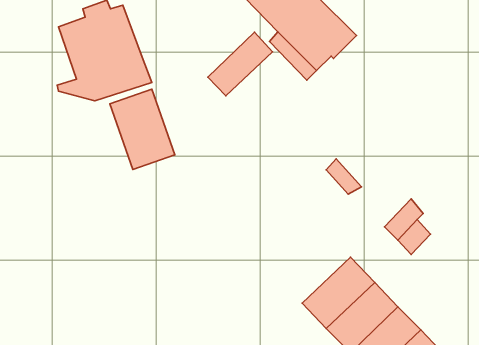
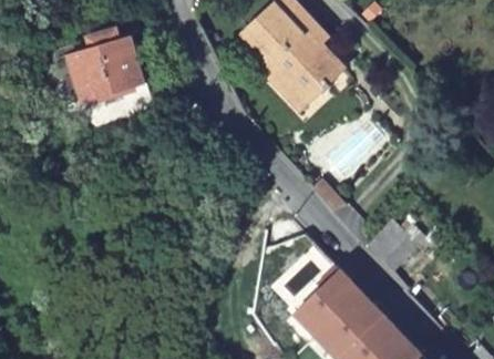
building: [208,32,272,96] -> none
building: [110,89,175,169] -> none

